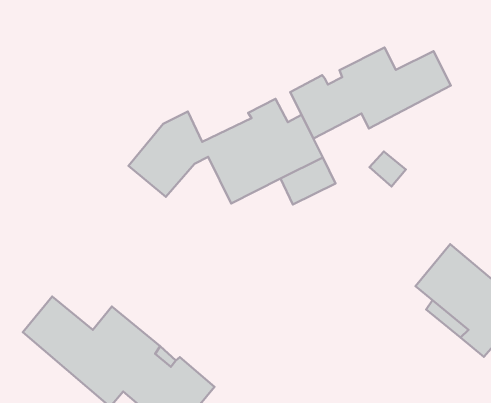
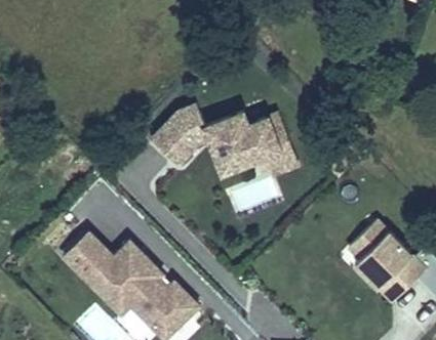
building: [290,48,451,138] -> none

